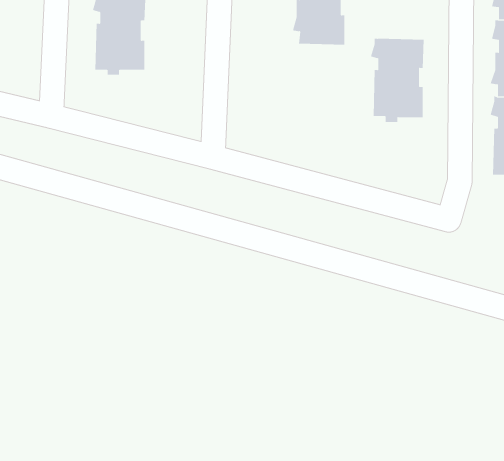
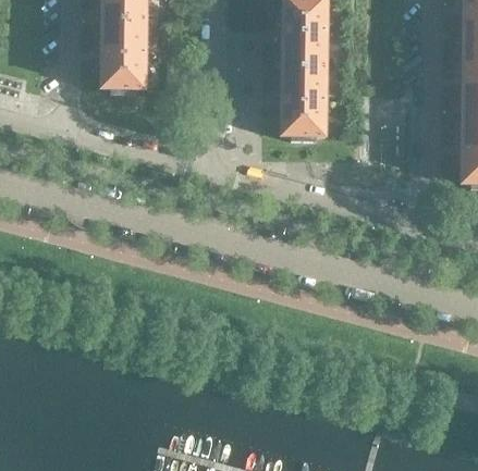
building: [370,38,425,123] -> [279,61,328,137]

